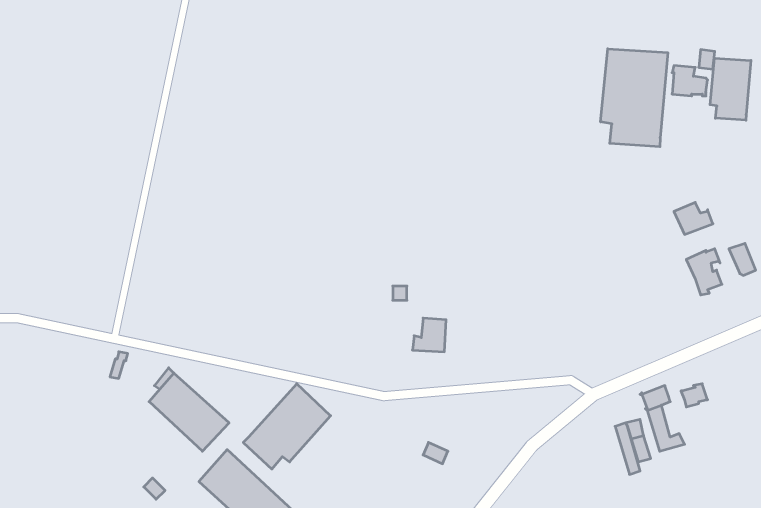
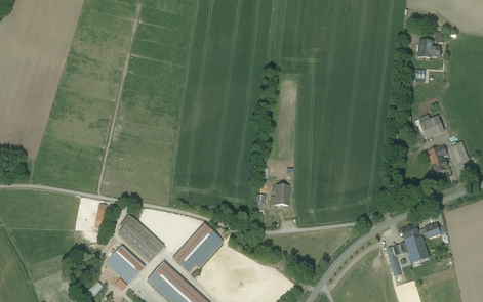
building: [601,49,668,147] -> none
building: [710,58,751,120] -> none
building: none -> [106,246,145,284]

